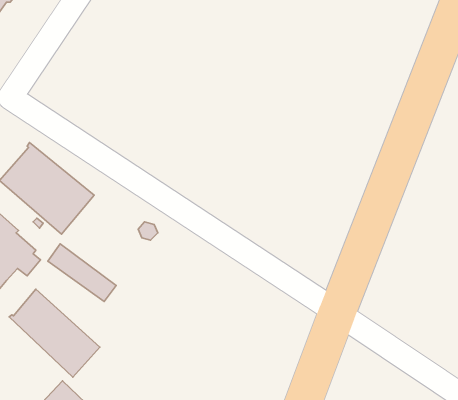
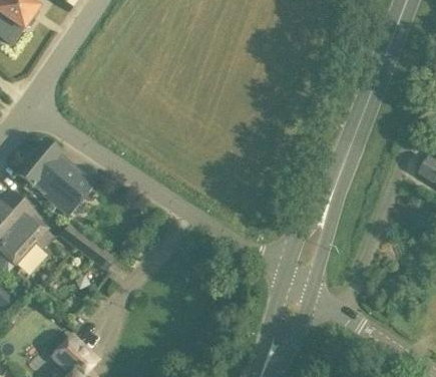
building: [9,289,100,377] -> none

